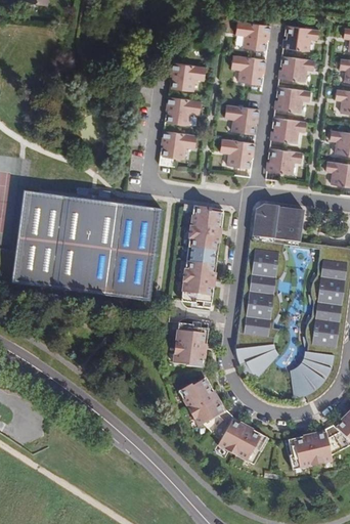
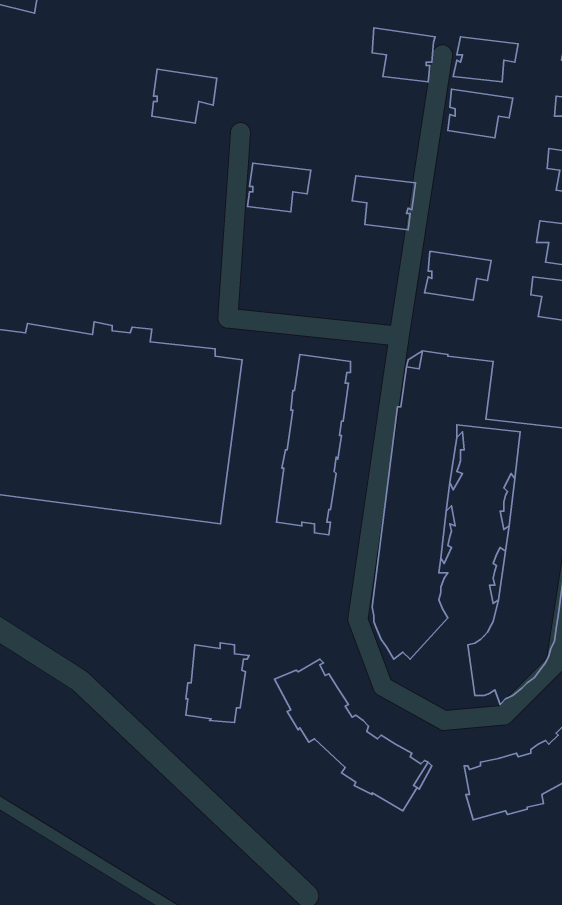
building: [230,55,266,85] -> none
building: [169,61,206,92] -> [152,69,217,123]
building: [273,86,311,114] -> none
building: [269,117,307,144] -> none
building: [160,130,198,160] -> none
building: [220,139,256,169] -> none
building: [173,321,209,366] -> [186,643,249,722]

